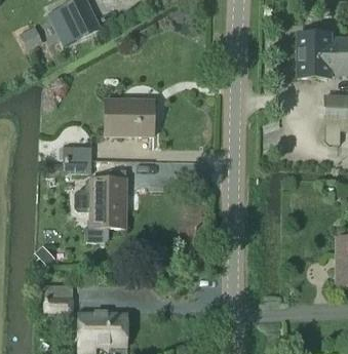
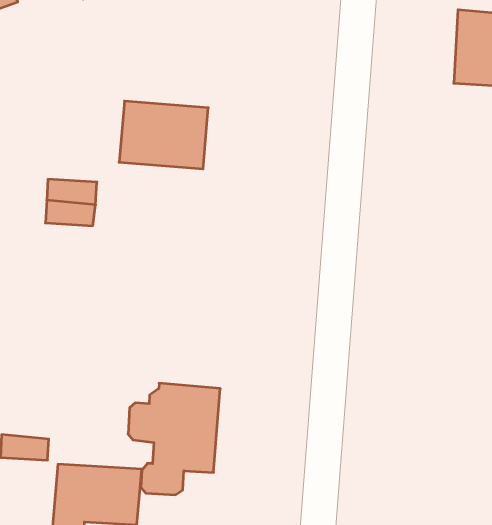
building: [75,178,127,242] -> [128,383,220,495]

